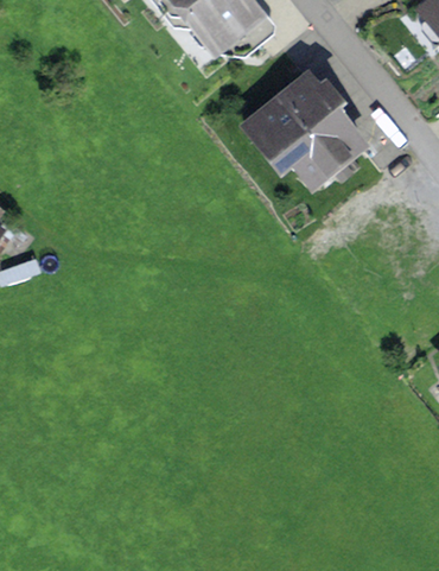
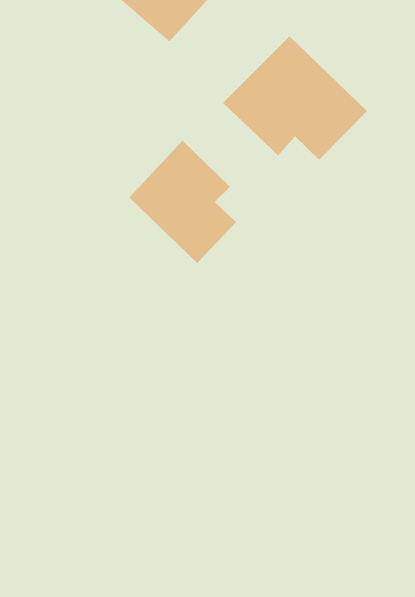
building: none -> [129,140,237,264]

